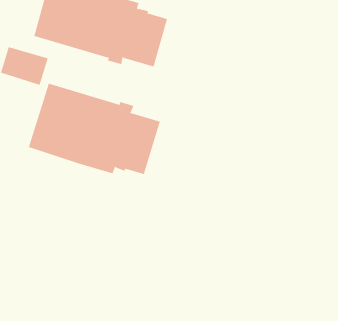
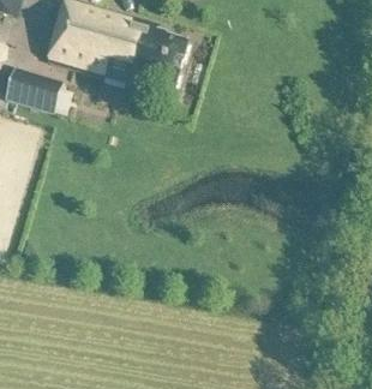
building: [28,83,161,175] -> none

